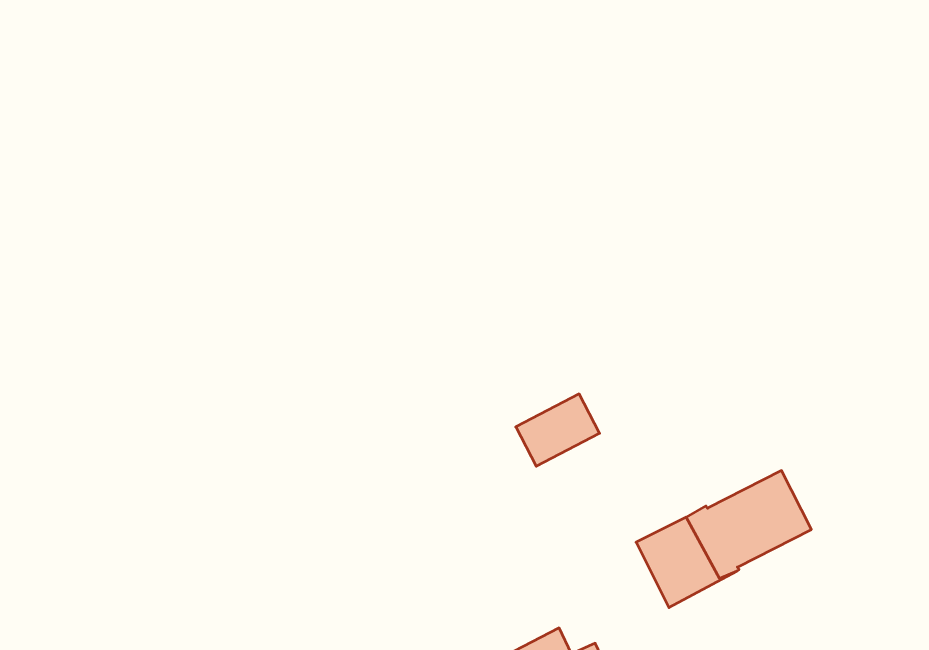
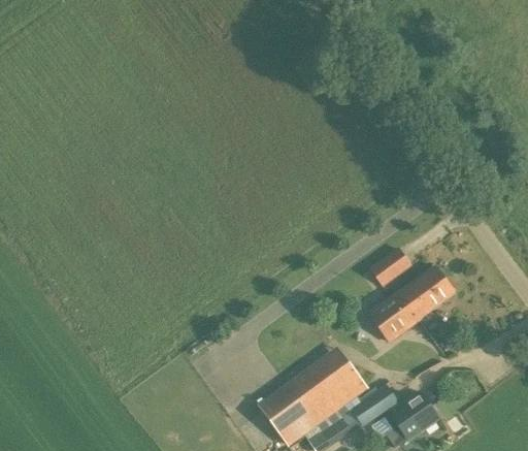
building: [516,394,600,466] -> [368,246,411,286]

